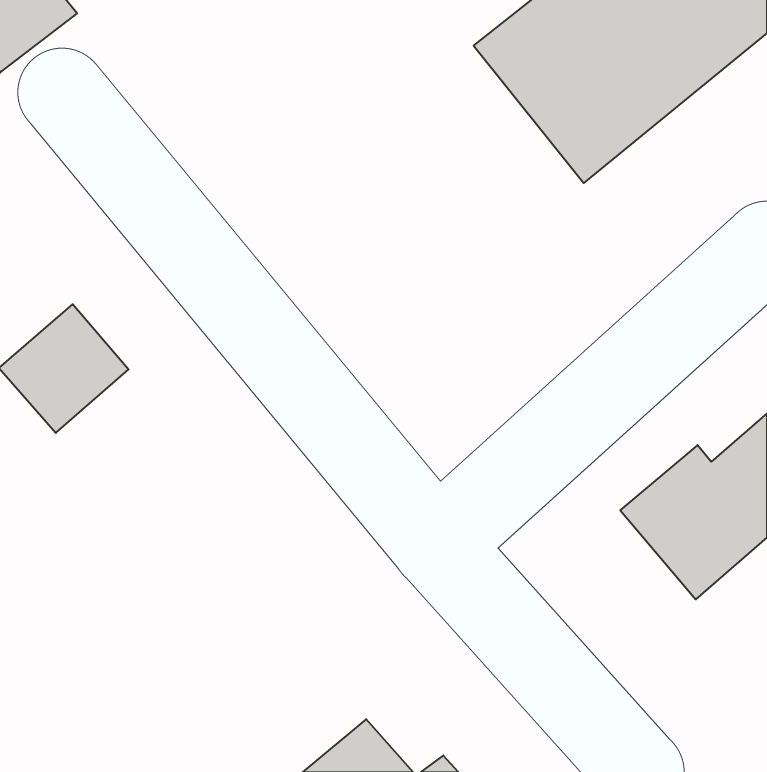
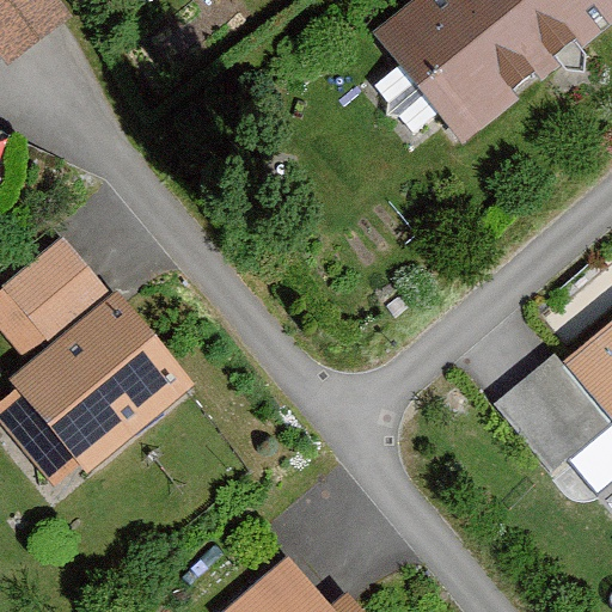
building: none -> [8,290,192,472]

